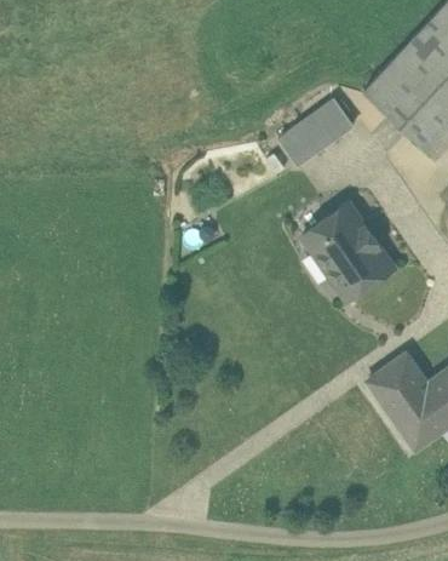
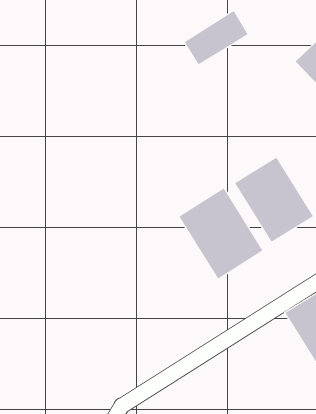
building: [278,99,352,165] -> [184,10,249,65]
building: none -> [179,187,263,280]

